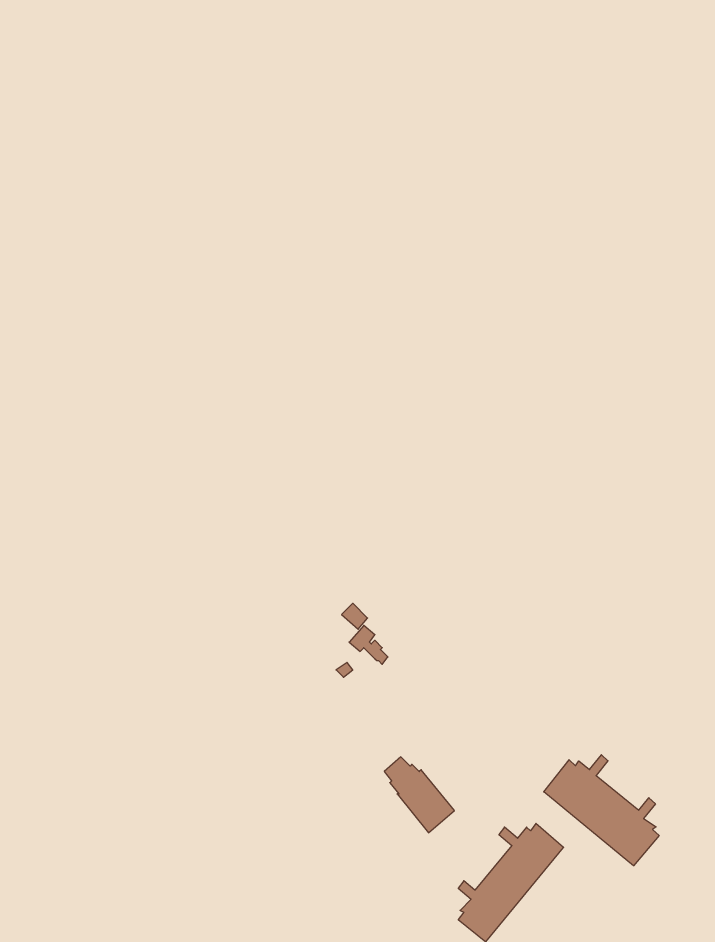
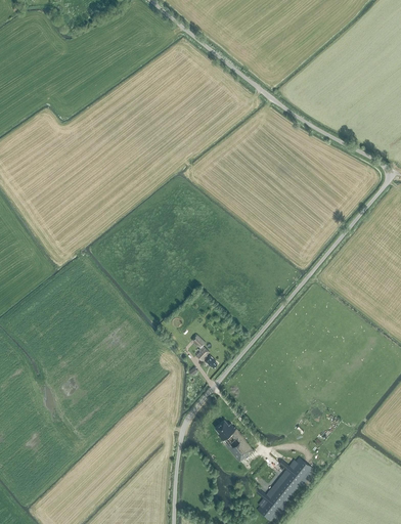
building: [544,755,659,866] -> none

